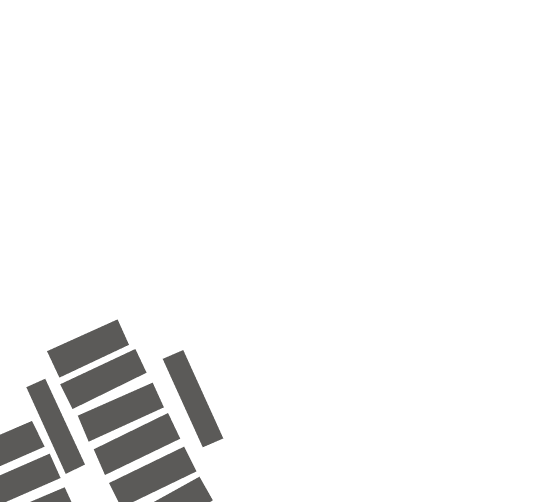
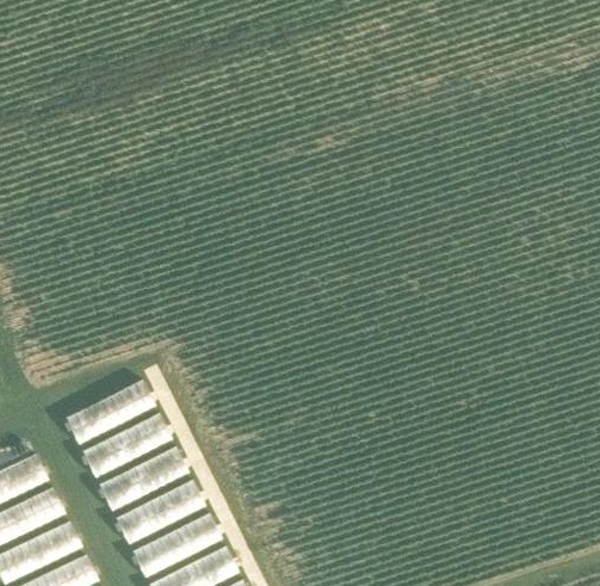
building: [46,318,130,378] -> none
building: [162,349,224,448] -> none
building: [25,378,86,475] -> none

